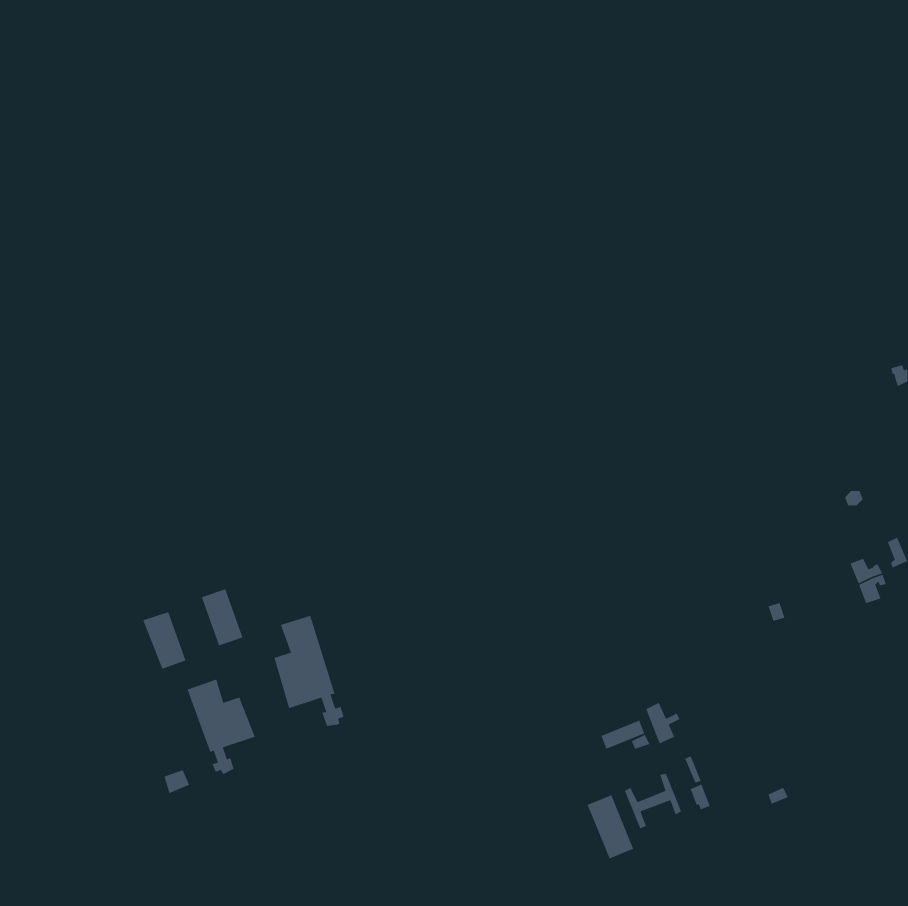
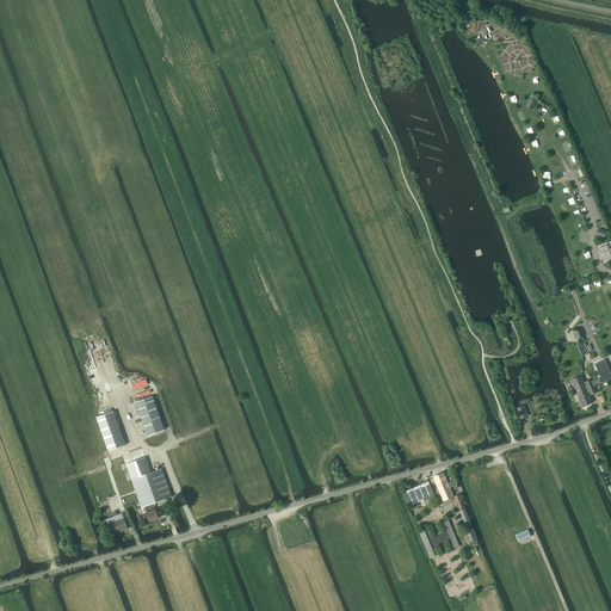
building: [274,615,344,727] -> none
building: [587,794,634,859] -> none

